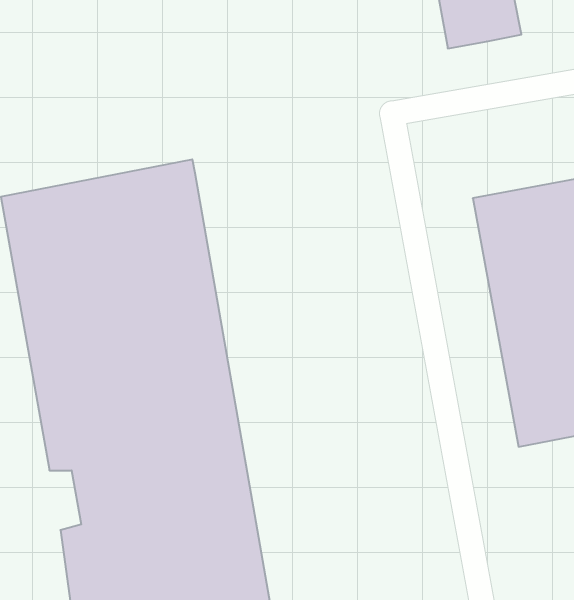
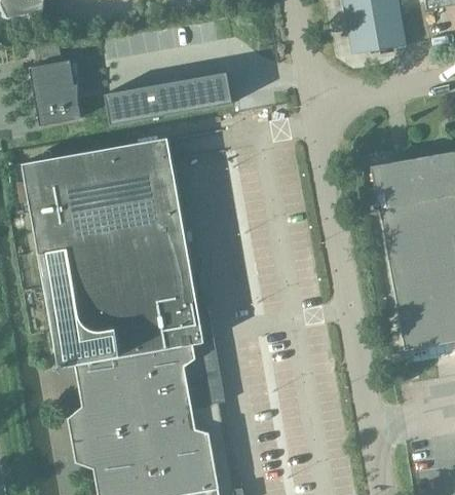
building: none -> [30,60,81,125]
building: none -> [105,71,233,124]

